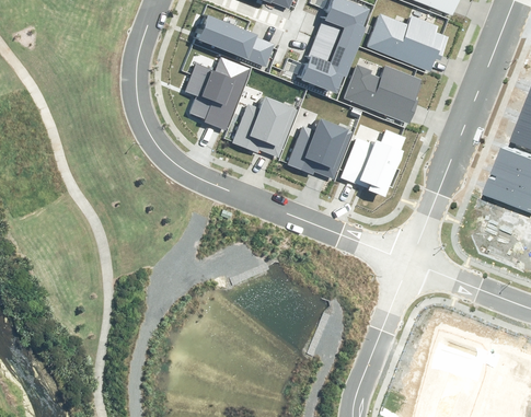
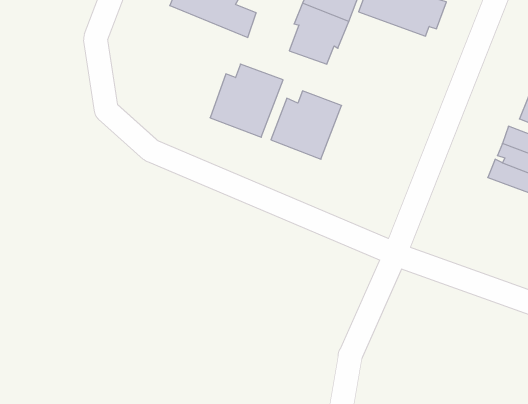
building: [185,59,246,123] -> none
building: [344,63,422,125] -> none
building: [342,130,402,192] -> none

